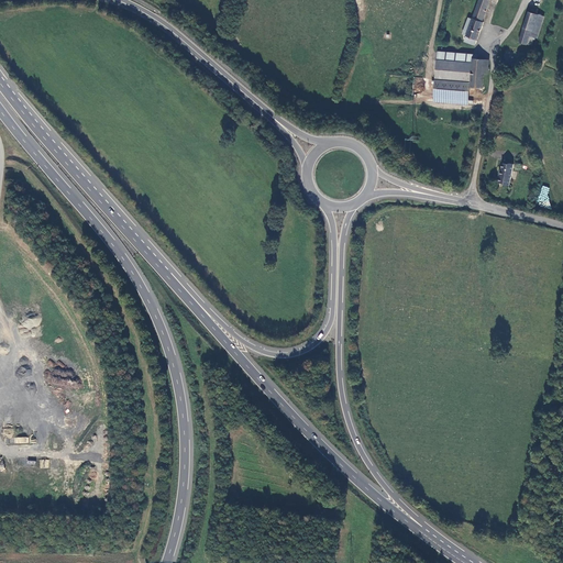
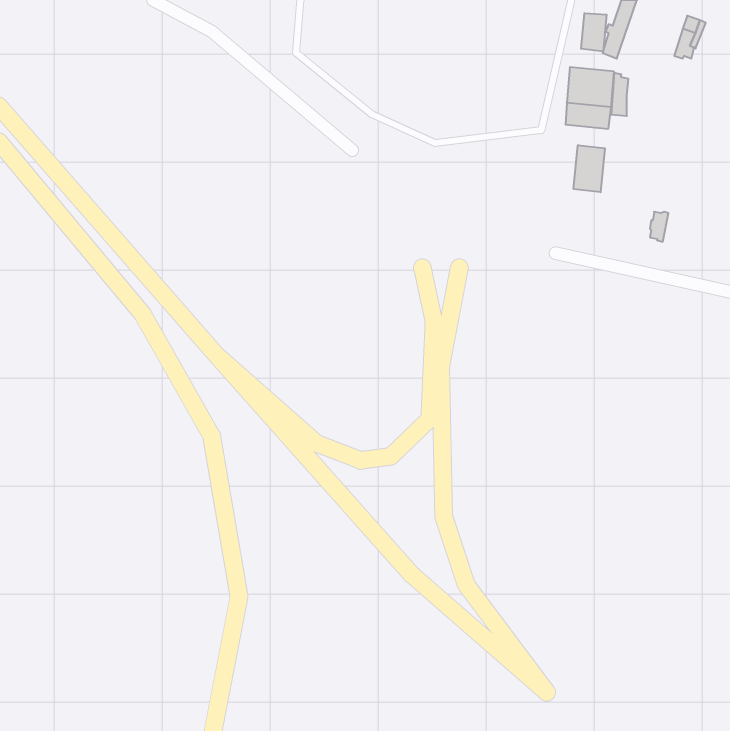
building: none -> [581,13,607,51]
building: none -> [574,145,605,192]

